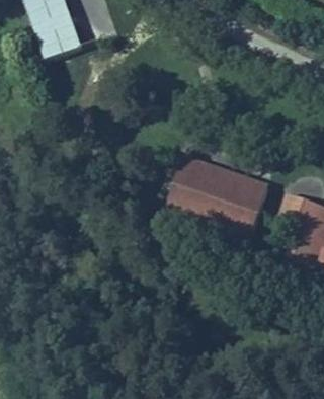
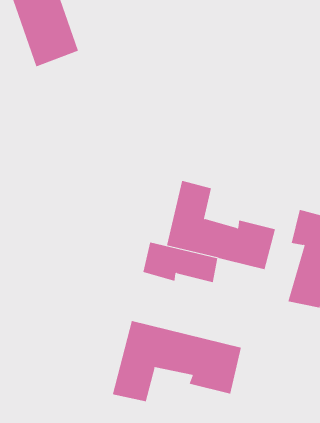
building: [196,169,262,205] -> [142,242,218,283]
building: none -> [112,320,242,402]

